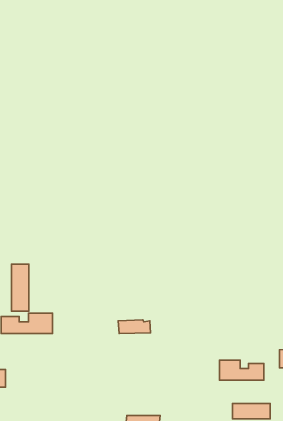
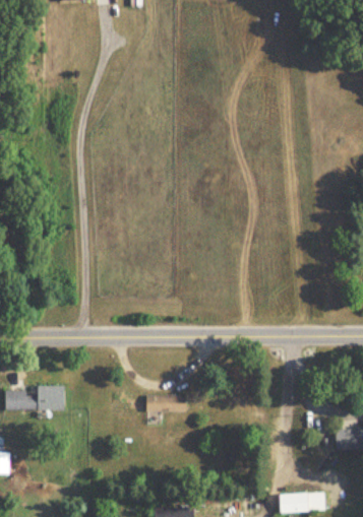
building: [11,264,29,311] -> none
building: [220,360,264,380] -> none

